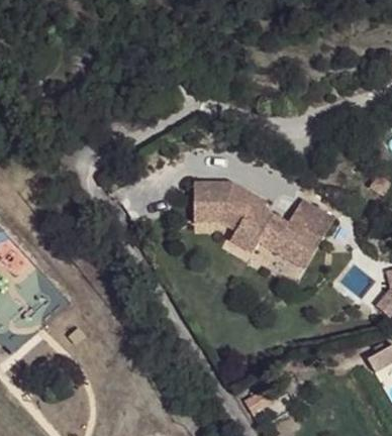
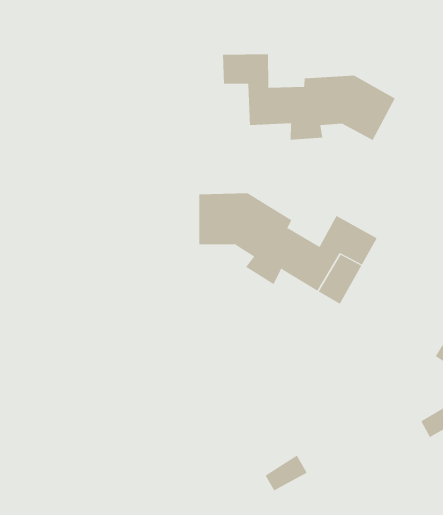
building: none -> [223,53,396,141]

